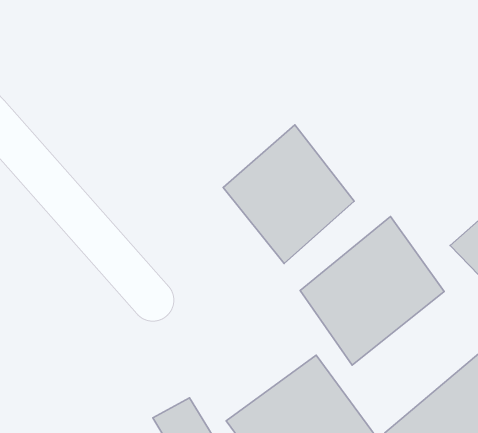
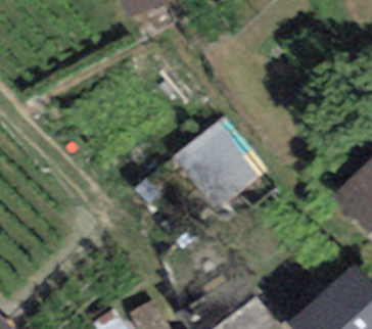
building: [300,217,444,365] -> none

